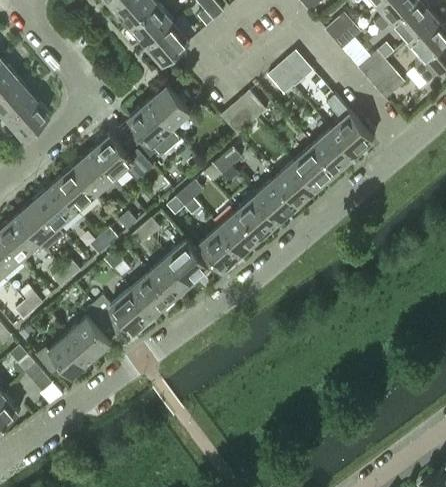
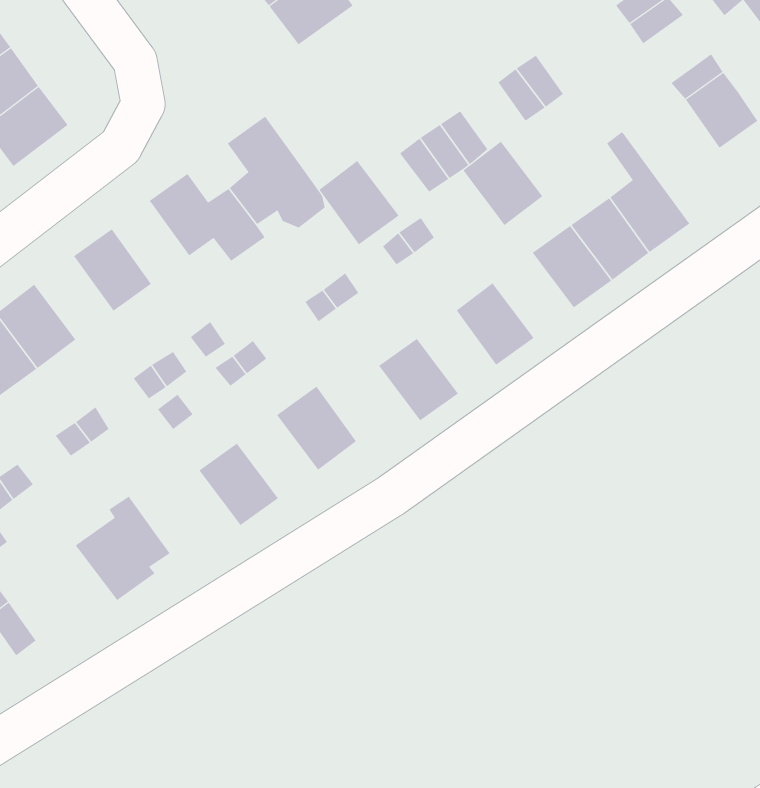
building: [149,85,192,129] -> [319,160,399,245]
building: [74,151,115,194] -> none
building: [274,162,317,206] -> [462,141,543,226]
building: [36,183,78,226] -> none
building: [237,195,279,238] -> none
building: [199,227,242,271] -> none
building: [148,257,191,300] -> none
building: [94,289,153,333] -> none
building: [36,333,92,377] -> none

